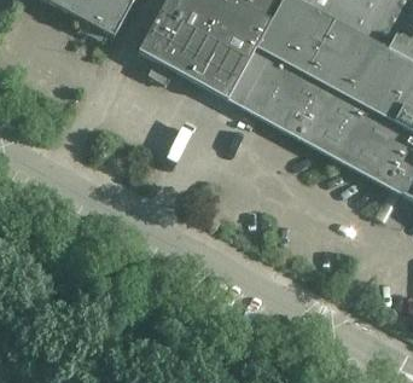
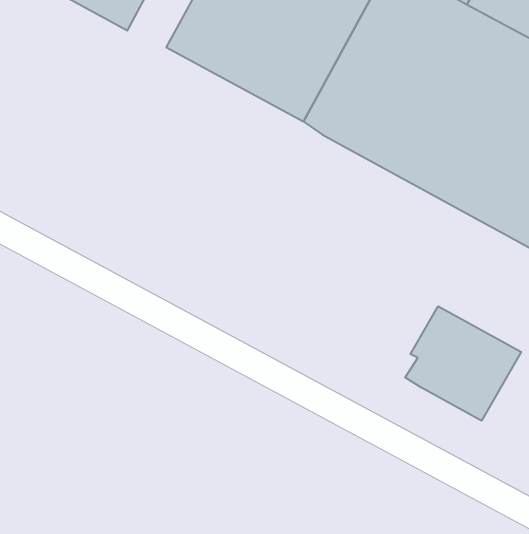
building: none -> [405,306,521,421]

